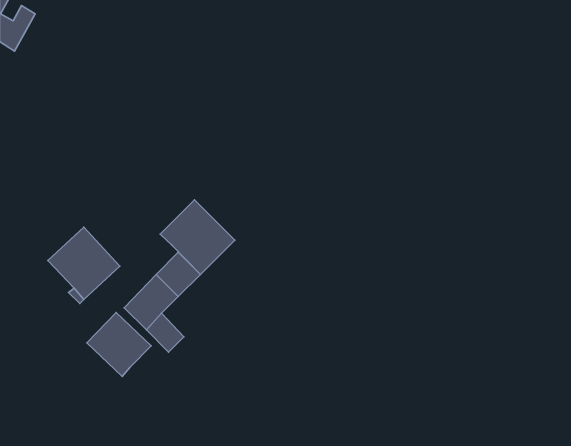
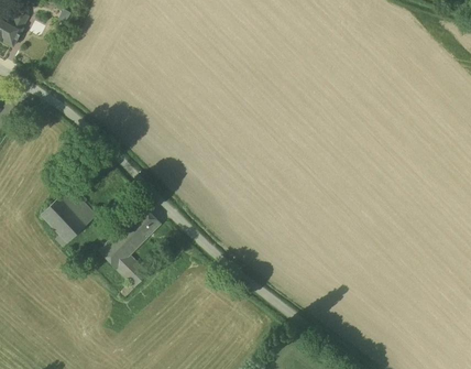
building: [160,200,235,274] -> none
building: [87,312,151,376] -> none

